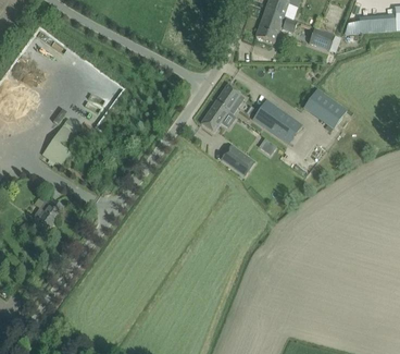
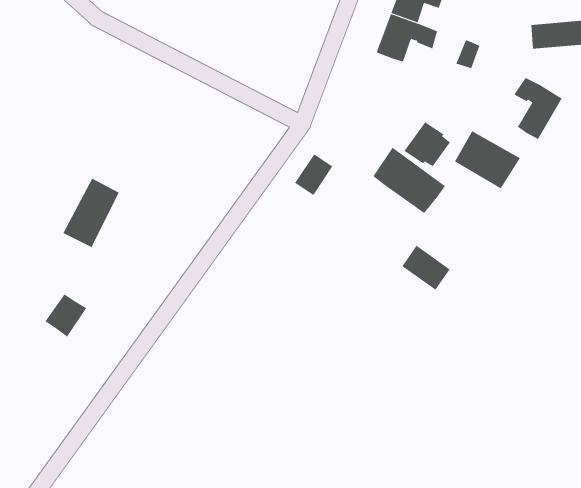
building: none -> [514,77,563,140]
building: [213,84,245,114] -> [404,121,451,167]
building: [221,145,253,175] -> [402,245,451,291]

